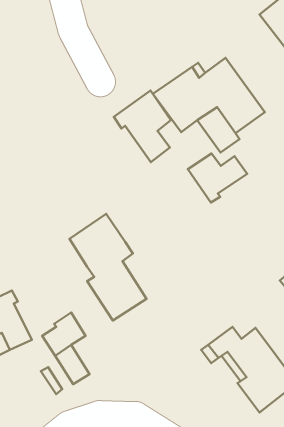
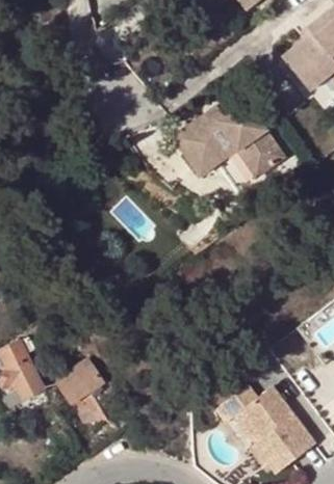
building: [114,90,171,162] -> none
building: [188,153,247,203] -> none
building: [69,214,146,320] -> none

